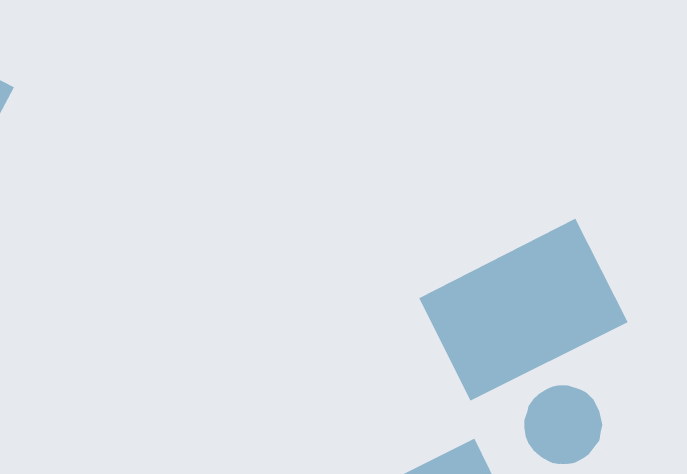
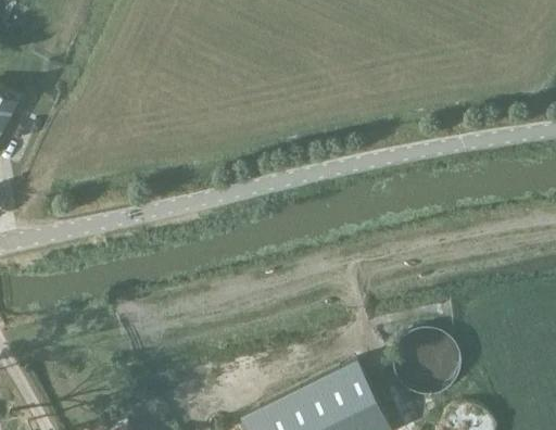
building: [418,218,628,401] -> none

